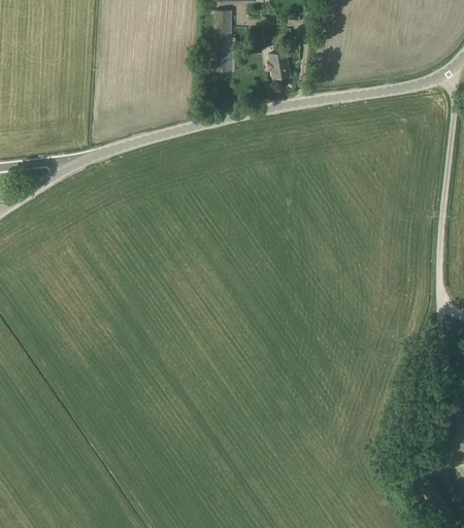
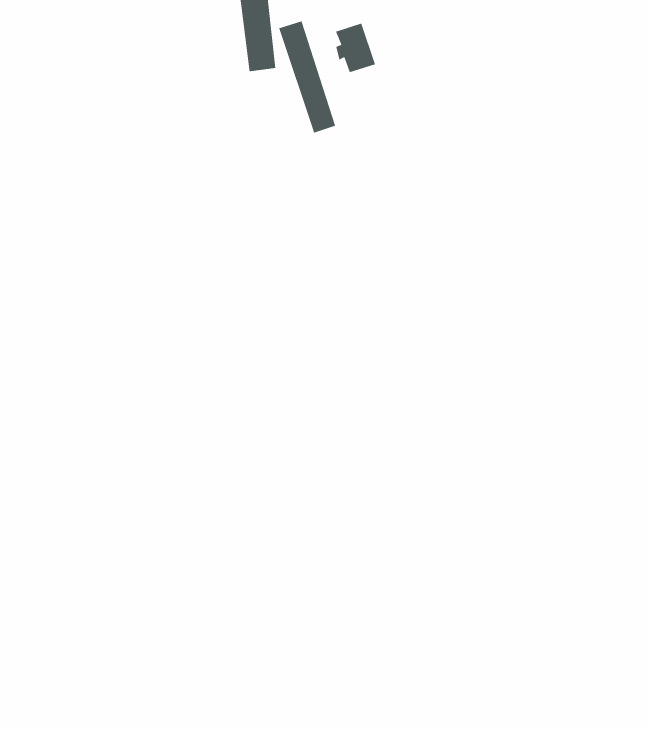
building: none -> [278,20,336,133]

